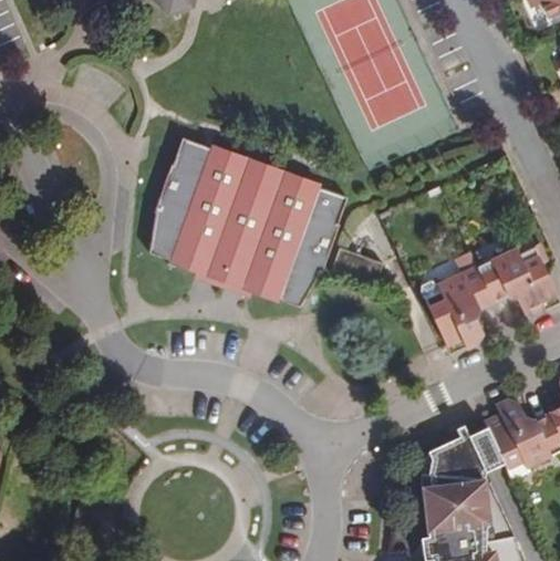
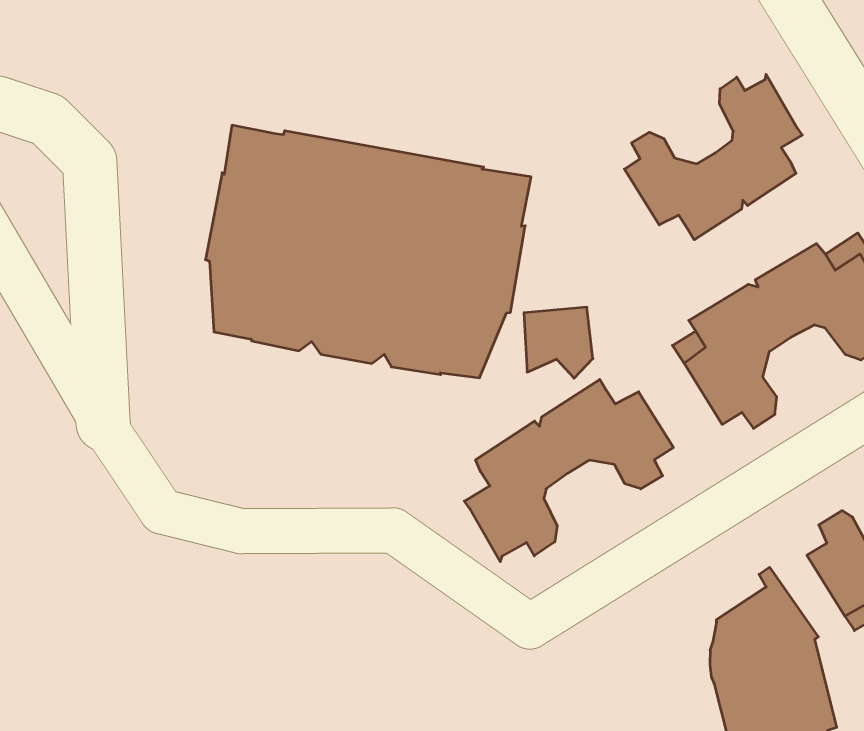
building: none -> [624,74,802,240]
building: none -> [464,379,673,562]

